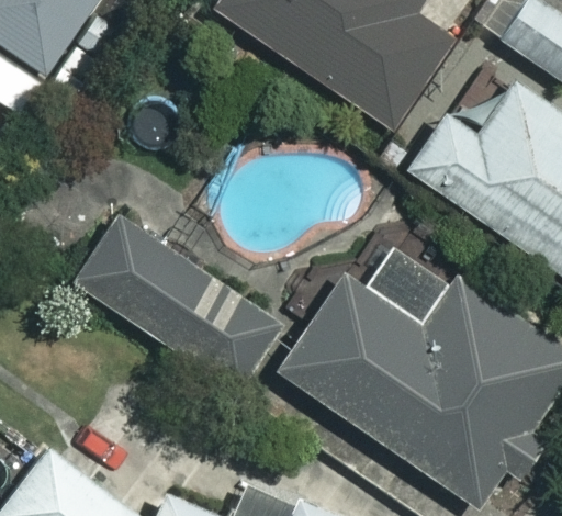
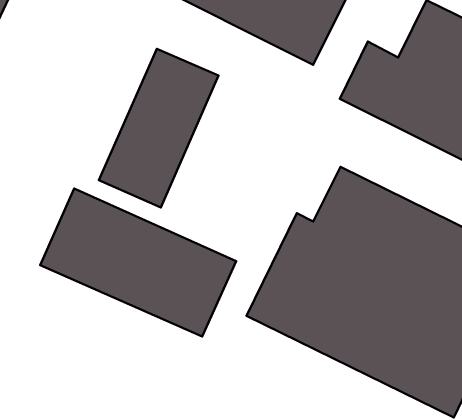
building: none -> [99,49,218,208]

